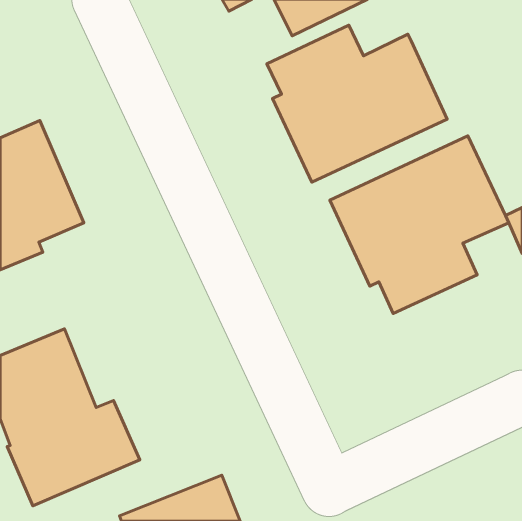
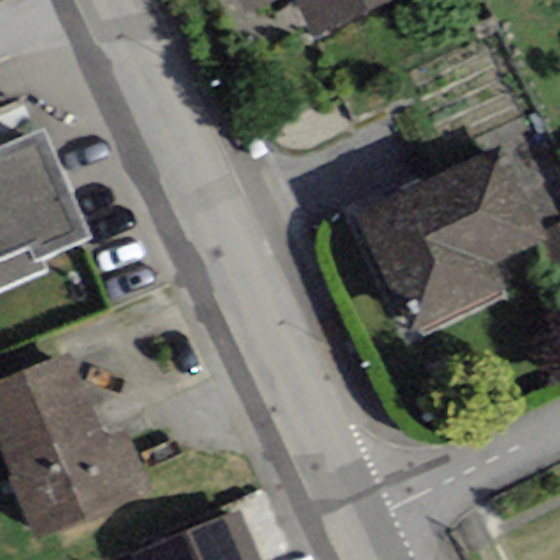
building: [267,25,447,182] -> none

